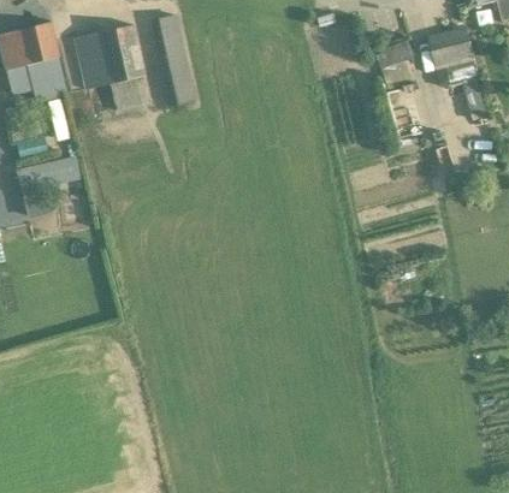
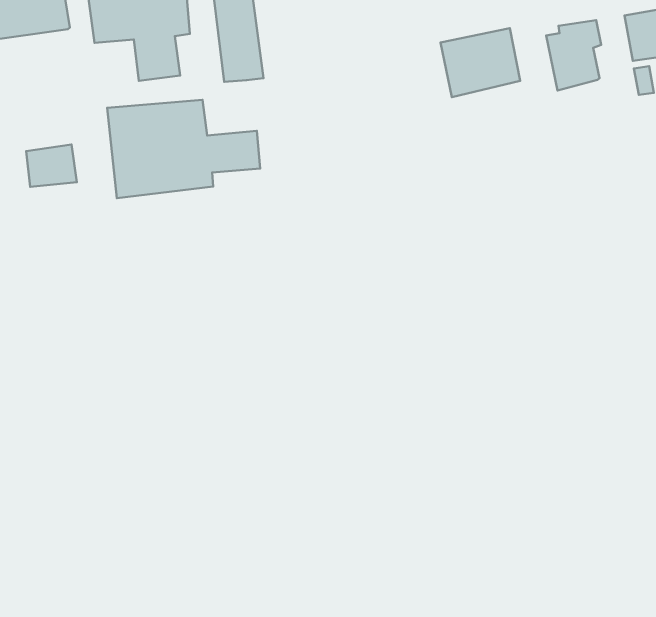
building: none -> [440,28,520,97]
building: none -> [107,100,260,198]

